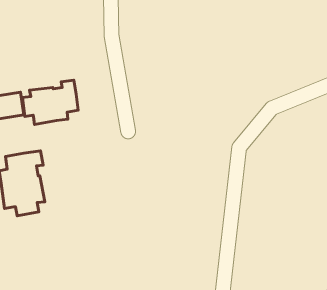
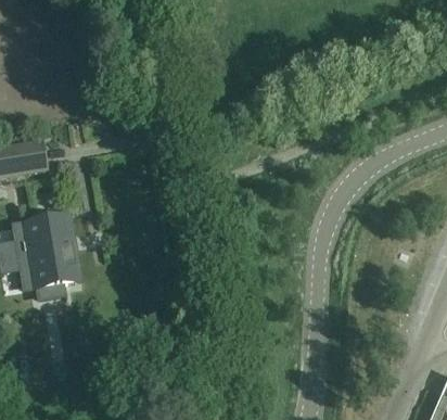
building: [23,80,78,125] -> none

